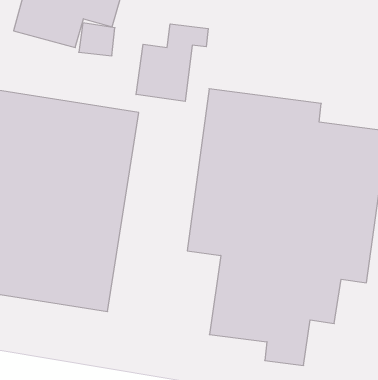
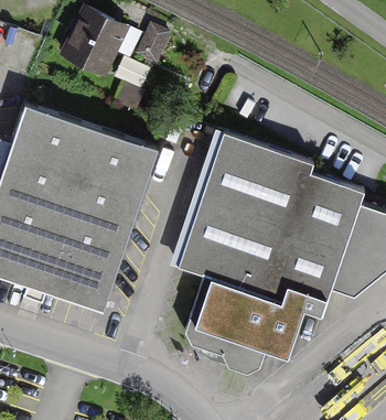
building: [136,24,208,101] -> none

